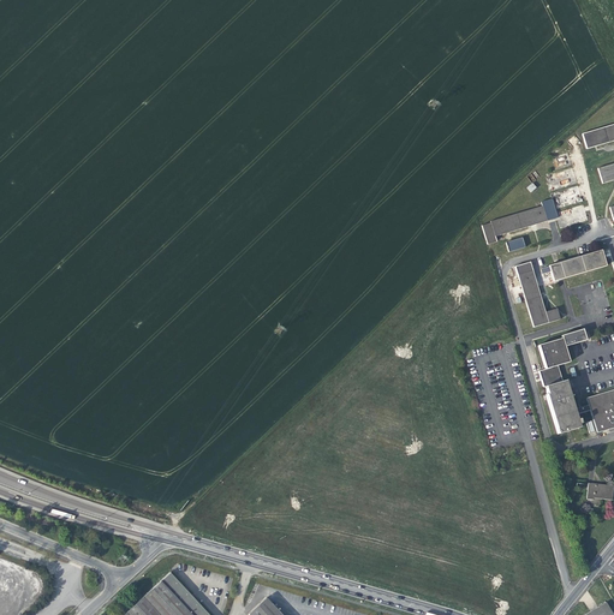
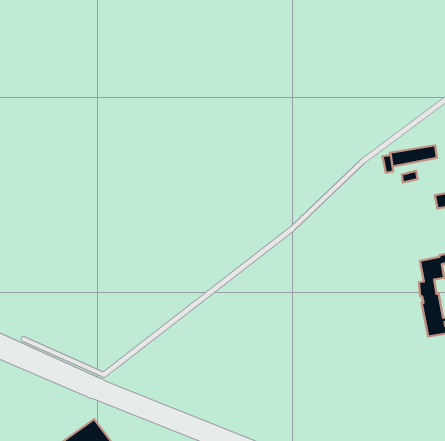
building: [517,261,561,326] -> none

